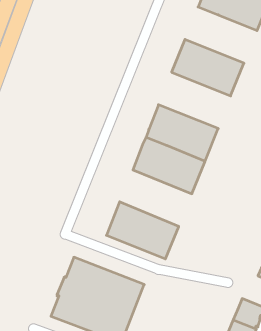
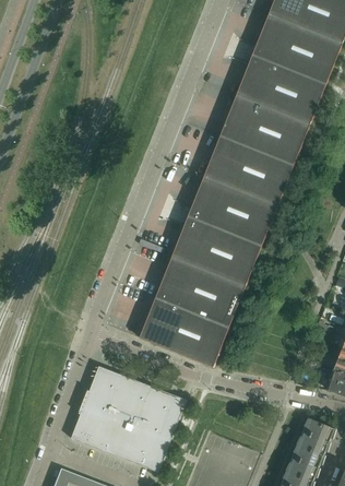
building: none -> [236,56,325,126]
building: none -> [203,137,293,206]
building: none -> [155,258,245,328]

